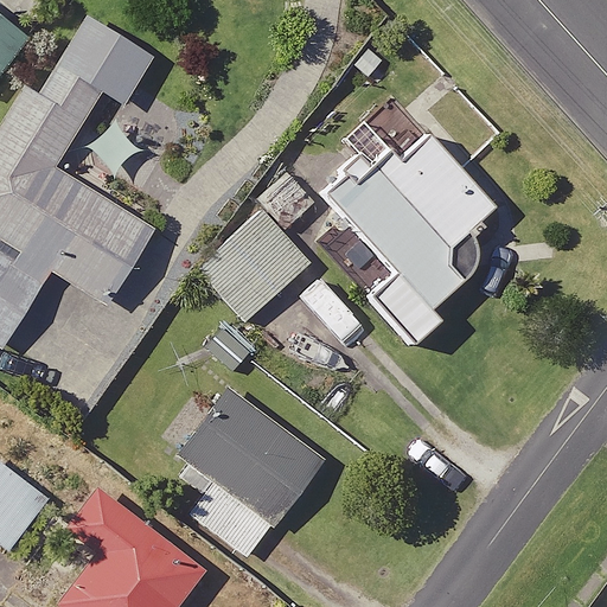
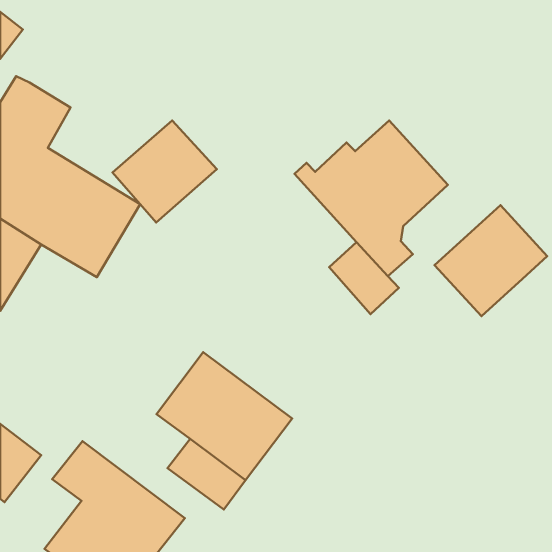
building: [36,13,155,121] -> none
building: [197,211,311,322] -> [113,120,217,223]
building: none -> [434,205,547,316]

